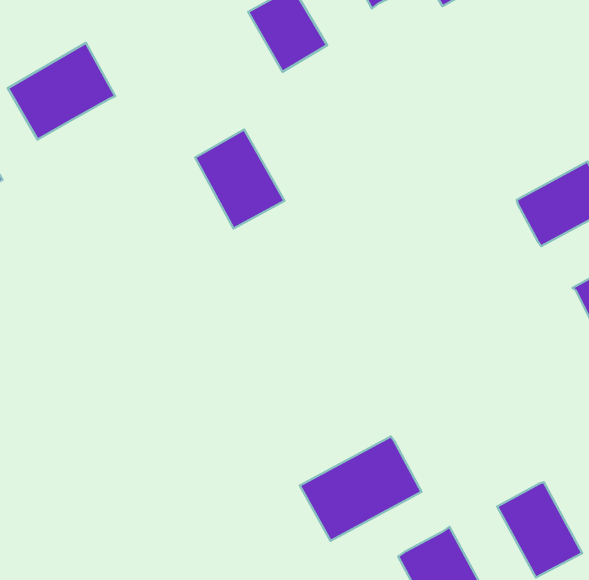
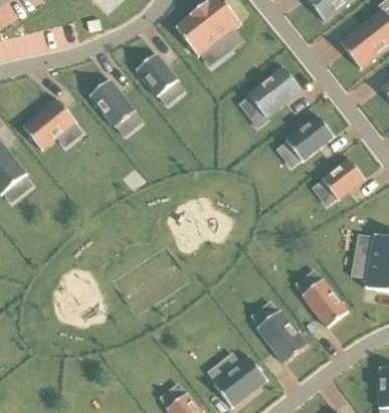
building: none -> [246,66,301,118]
building: [195,129,284,228] -> [88,76,137,127]
building: [300,437,422,541] -> none

